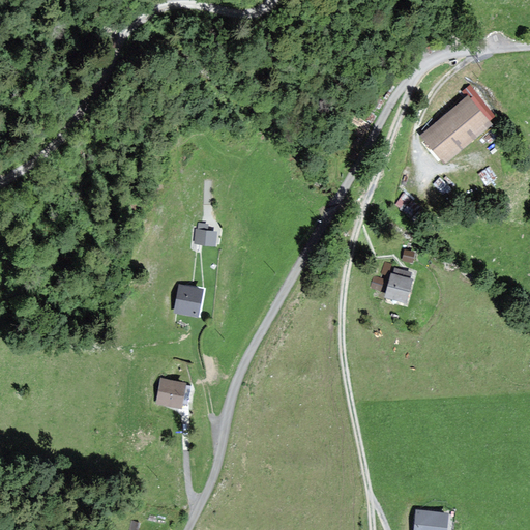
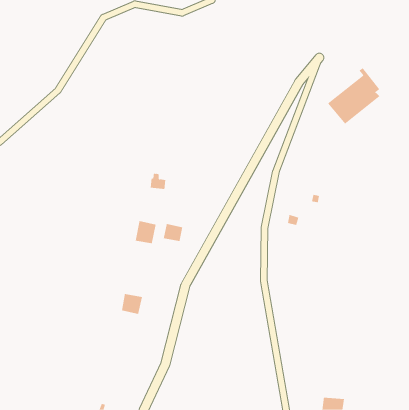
building: [384,267,411,302] -> none
building: none -> [163,223,183,242]

